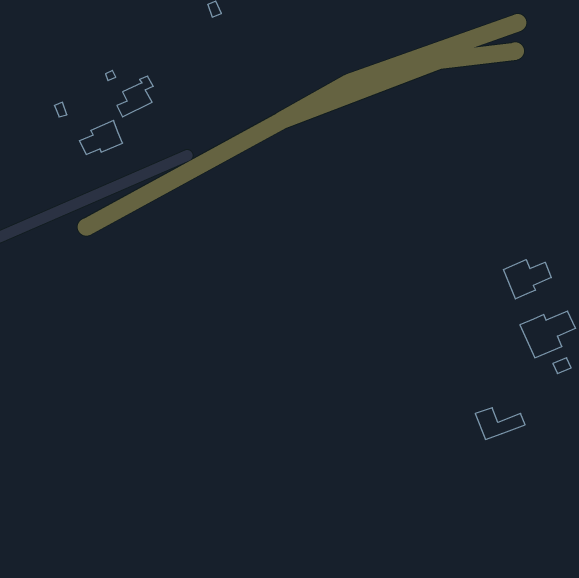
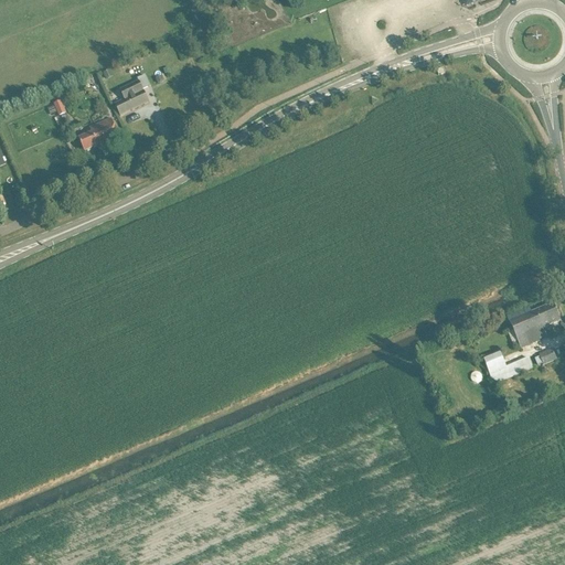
building: [503,260,551,299] -> none
building: [475,408,525,439] -> [483,351,532,382]

